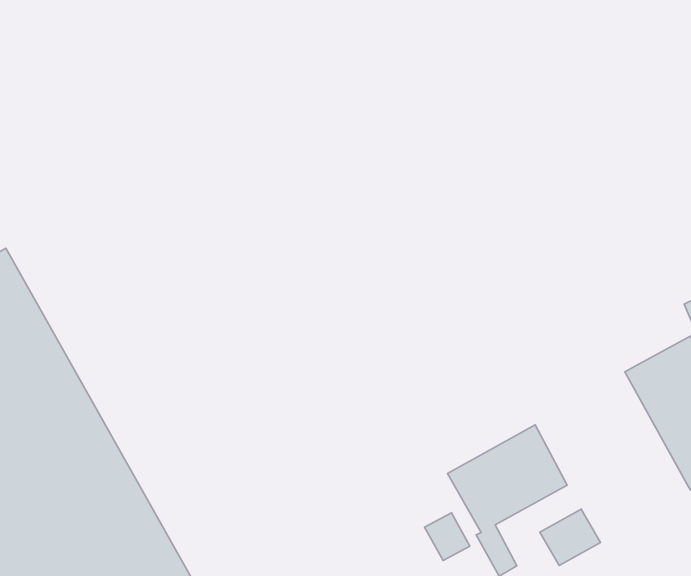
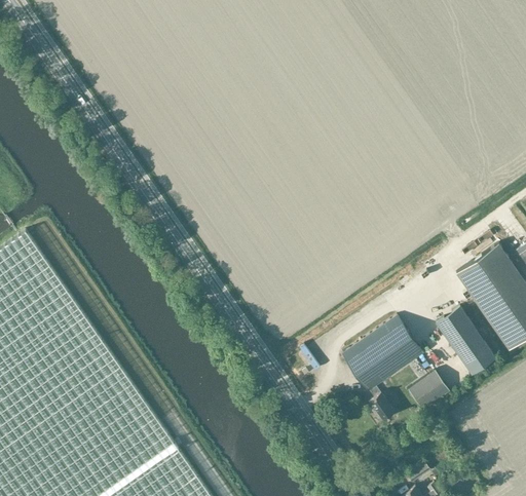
building: none -> [437,306,497,376]
building: [424,513,470,561] -> none

